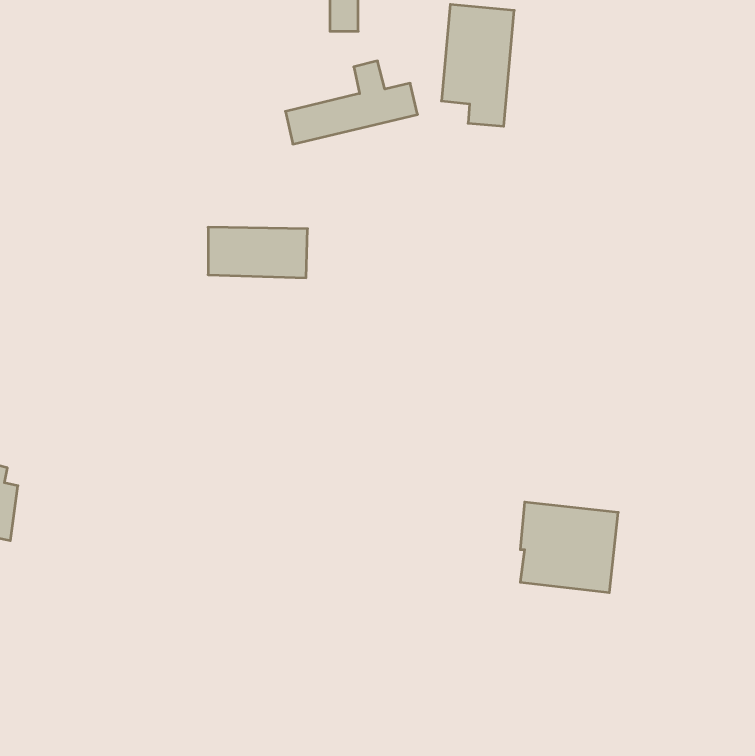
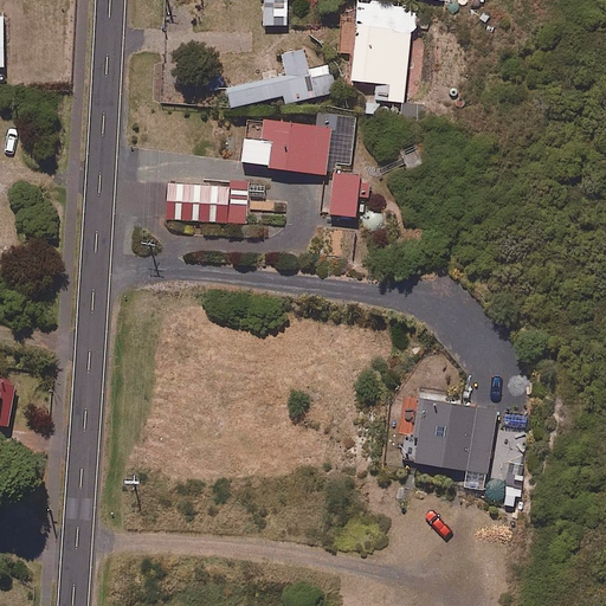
building: none -> [241,120,330,174]
building: none -> [330,170,359,217]

